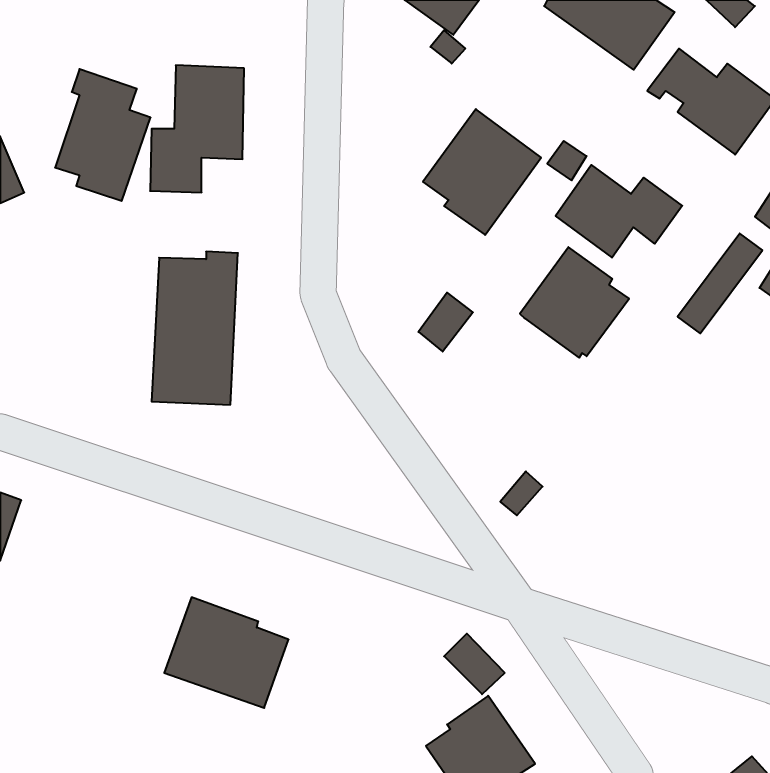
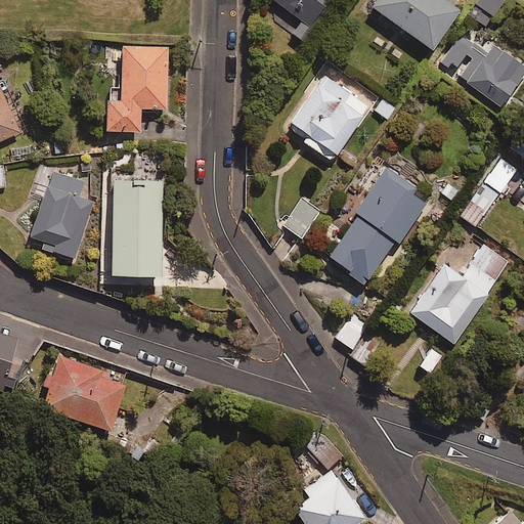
building: [55,69,151,201] -> [29,169,93,258]
building: [556,165,682,258] -> none
building: none -> [329,216,394,281]
building: none -> [409,245,510,343]
building: [164,597,289,708] -> [41,354,125,429]

